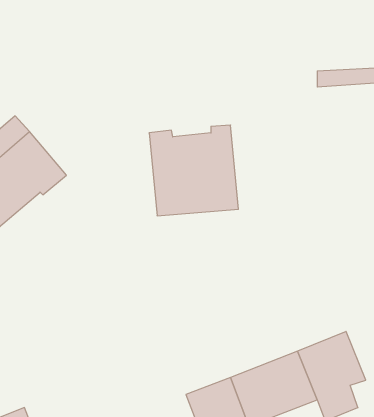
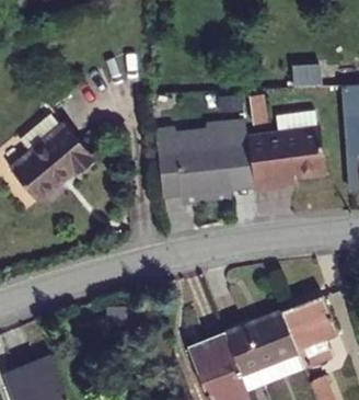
building: none -> [248,111,328,193]

